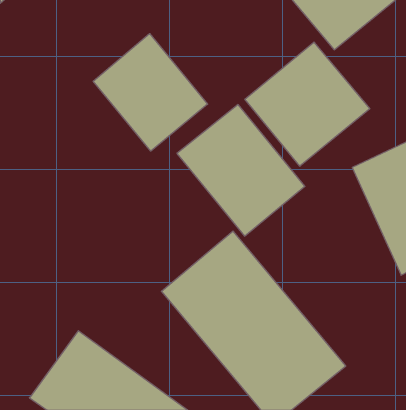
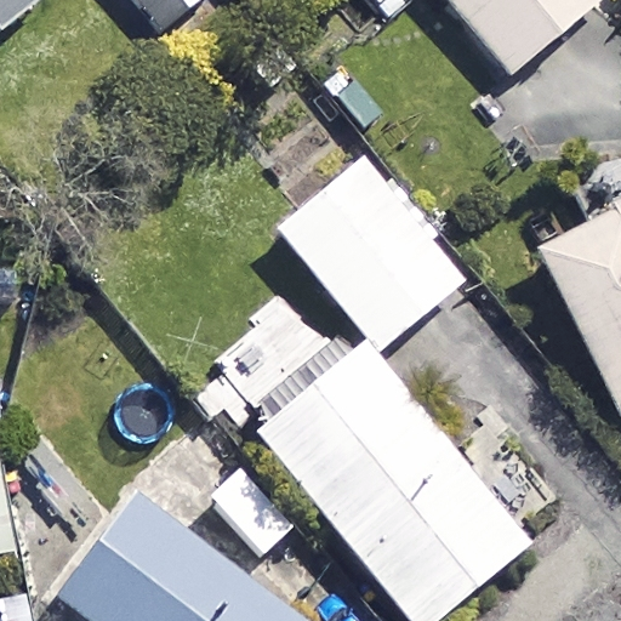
building: [93,34,208,151] -> none
building: [245,42,370,166] -> none

